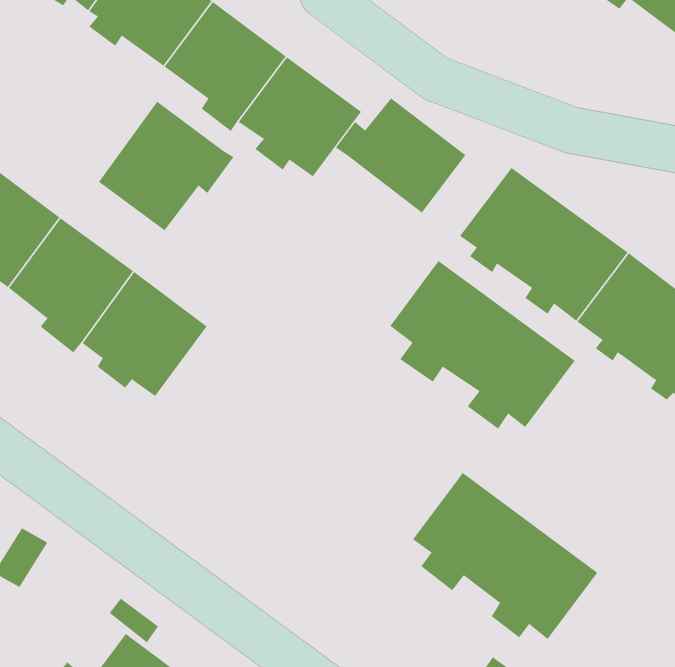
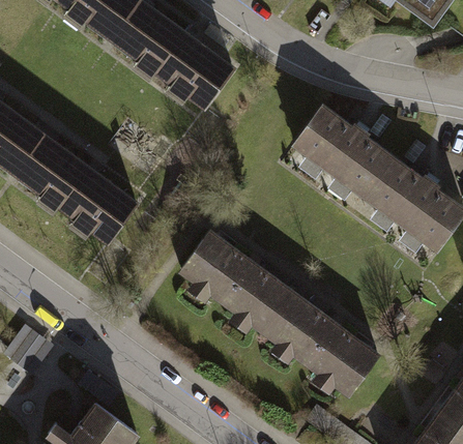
building: [335,97,466,214] -> none
building: [98,101,234,231] -> none
building: [390,260,576,430] -> [181,232,296,336]

